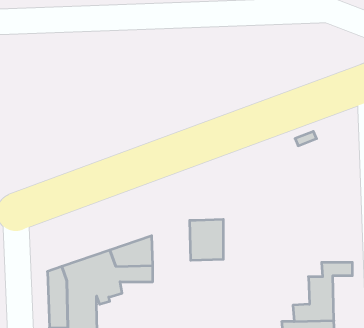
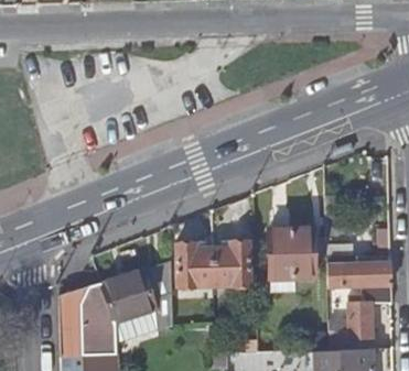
building: none -> [265,230,312,280]
building: none -> [180,242,216,285]
building: none -> [325,258,390,288]

